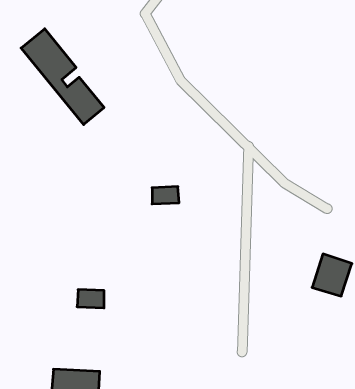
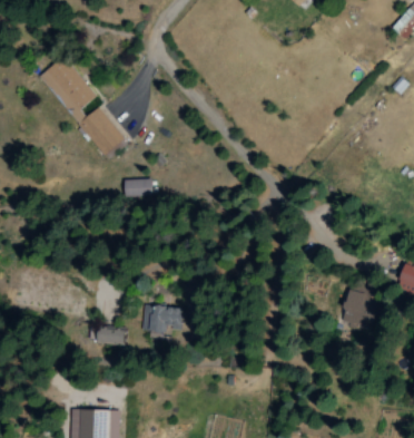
building: [152,187,179,204] -> [126,179,154,197]
building: none -> [142,306,177,334]

